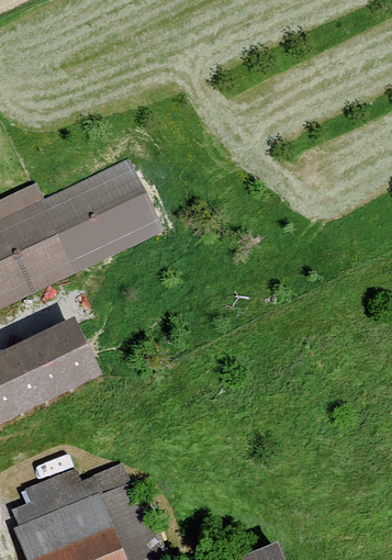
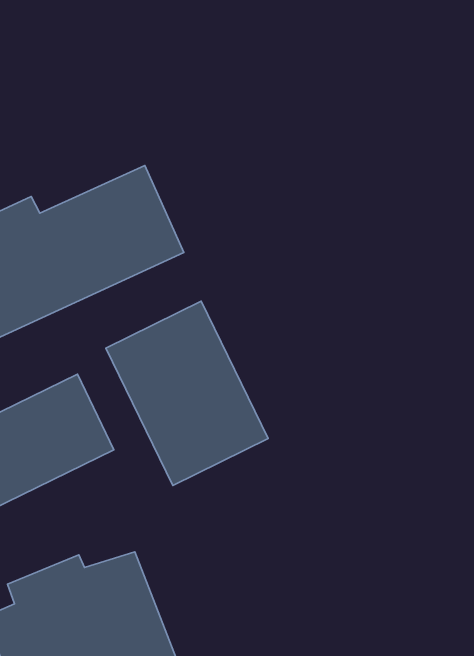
building: none -> [106,301,268,485]

